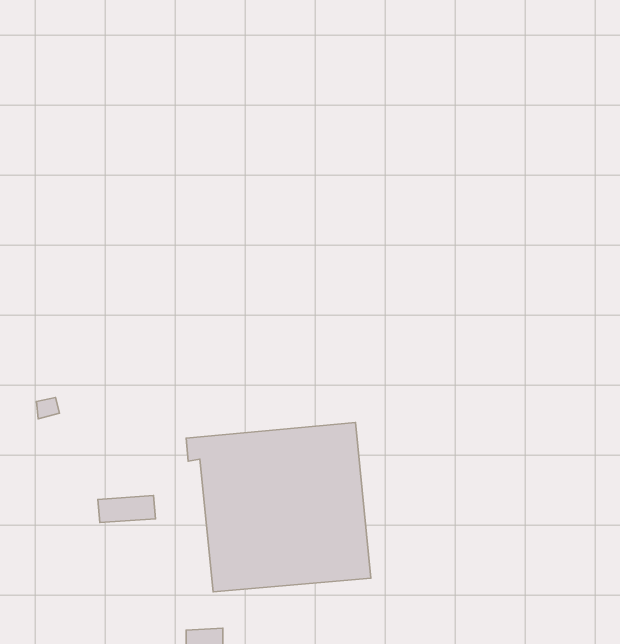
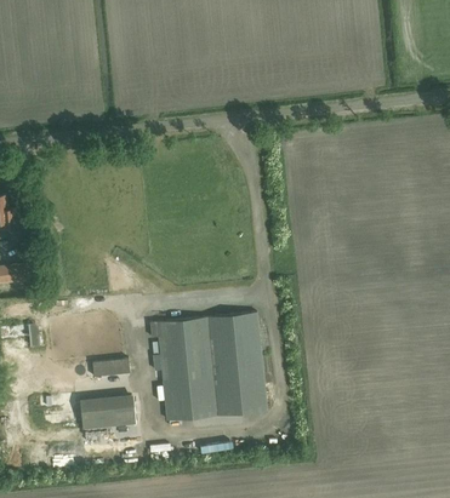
building: none -> [80,397,136,428]

